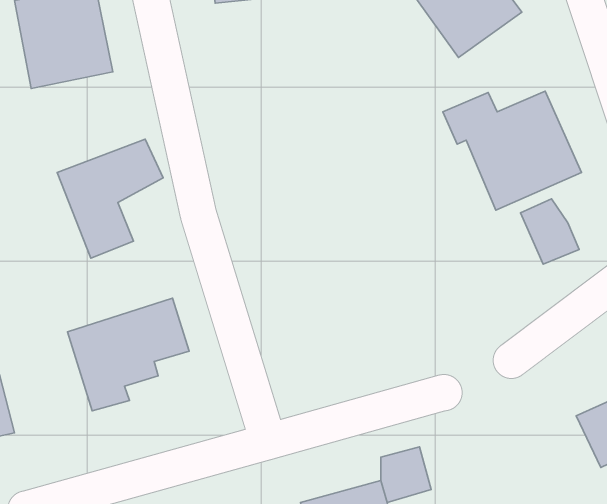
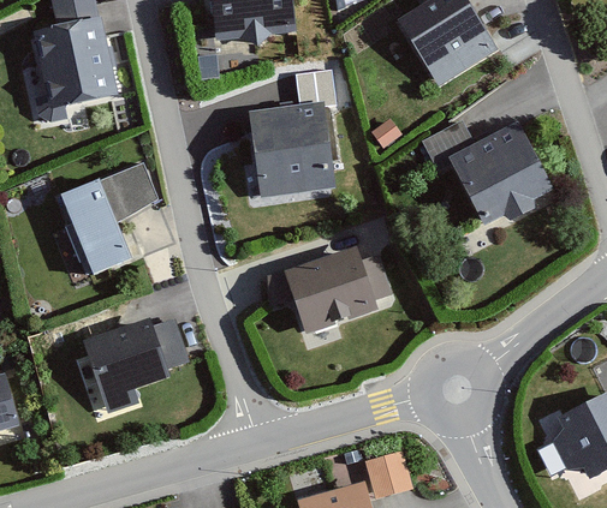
building: none -> [244,71,337,195]
building: [521,199,579,264] -> none
building: none -> [268,247,392,334]

